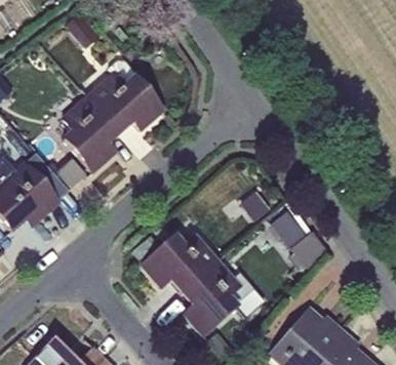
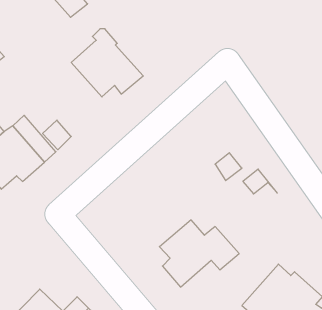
building: [62,95,120,172] -> none
building: [282,224,326,267] -> none
building: [142,235,215,292] -> none

